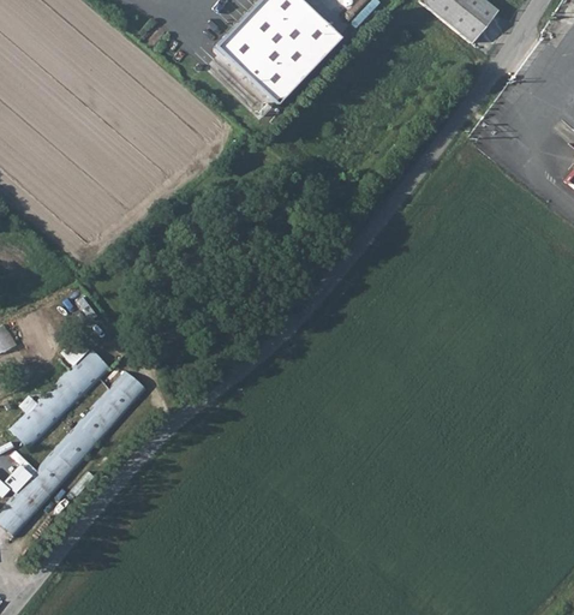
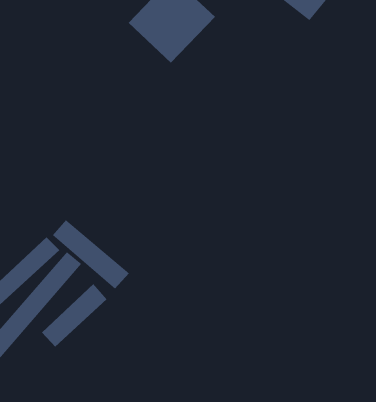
building: none -> [52,219,130,290]
building: none -> [41,283,107,348]

